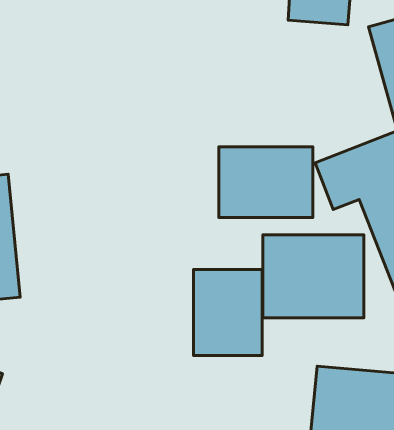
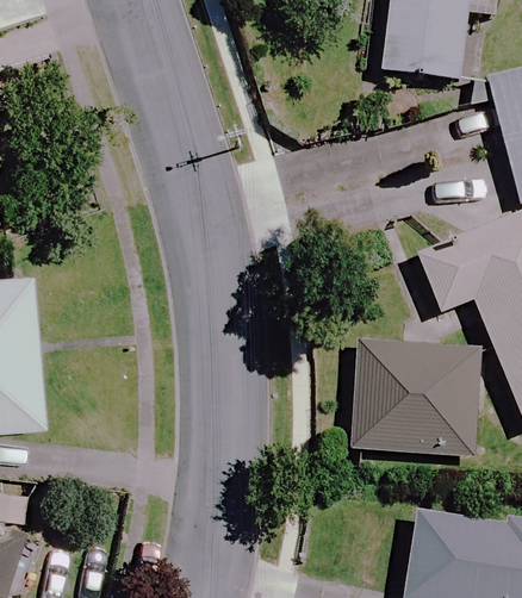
building: [219,147,313,217] -> none
building: [193,269,262,356] -> none

